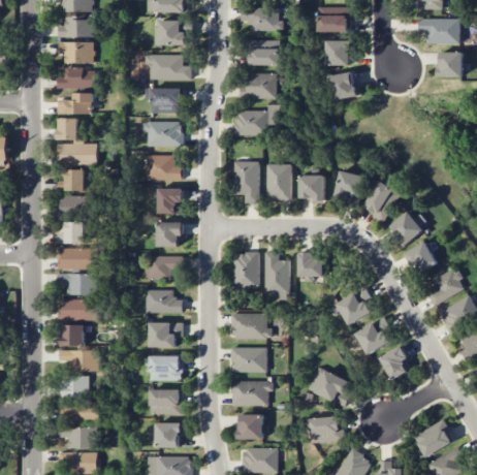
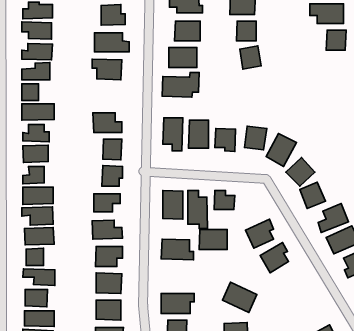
building: [142,121,182,147] -> none
building: [379,346,412,380] -> none
building: [231,347,266,372] -> [199,230,227,249]

